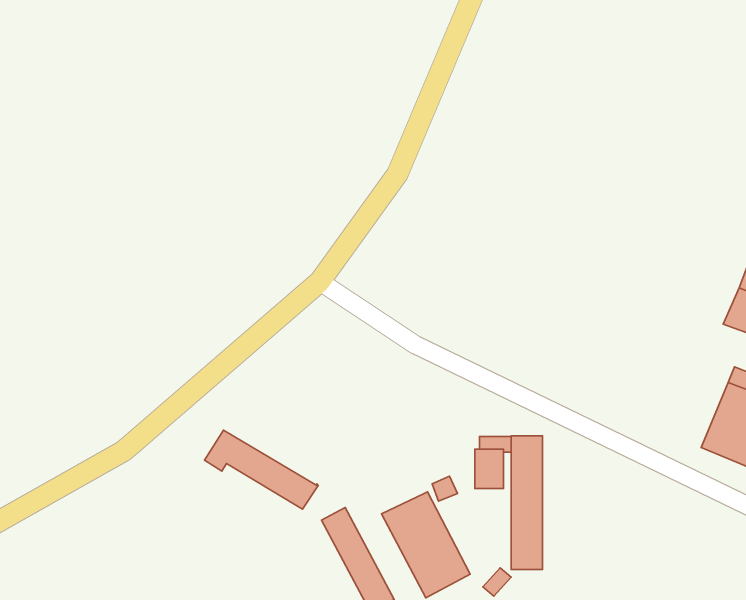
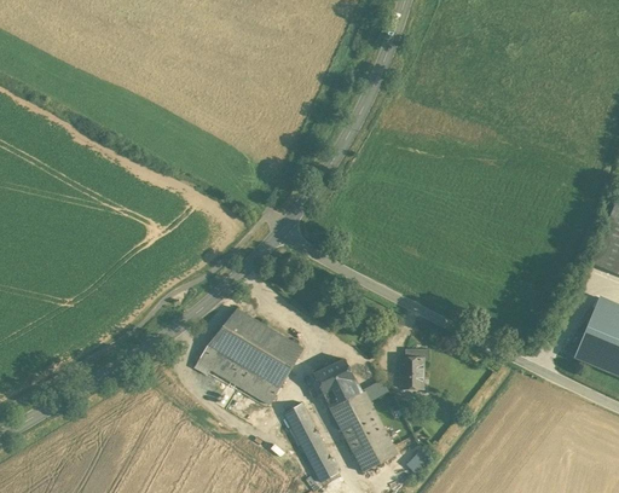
building: none -> [209,309,303,387]
building: [511,436,543,570] -> none
building: none -> [313,359,363,408]

